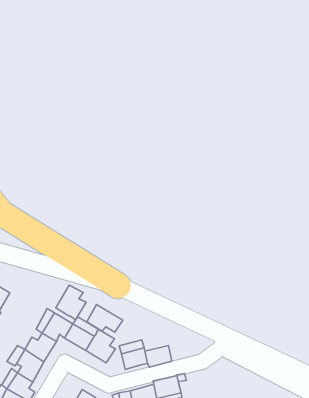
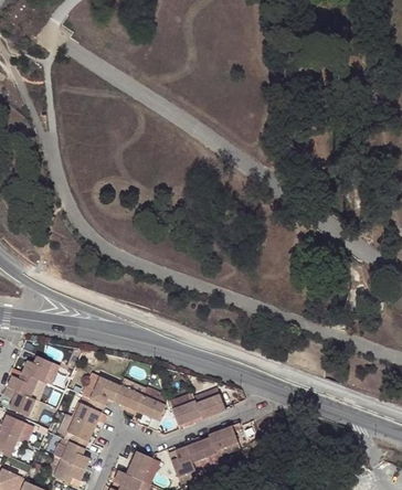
building: [56,285,86,320] -> none
building: [87,305,123,332] -> none

